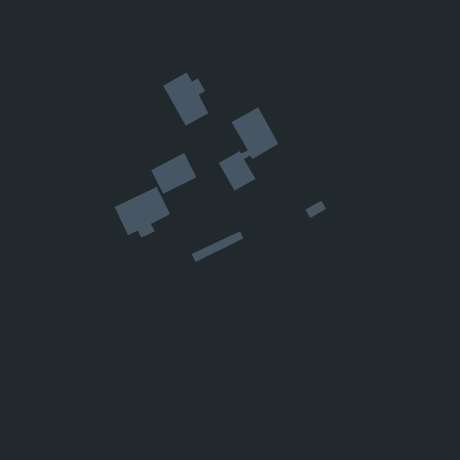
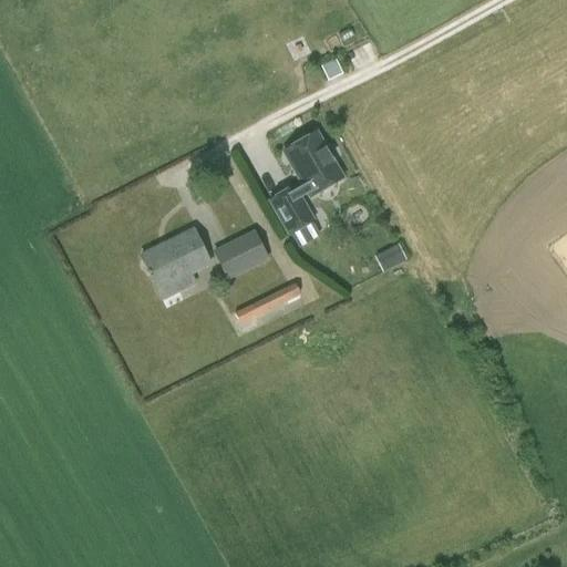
building: [162,72,209,127] -> none
building: [150,152,197,195] -> [213,228,270,280]

